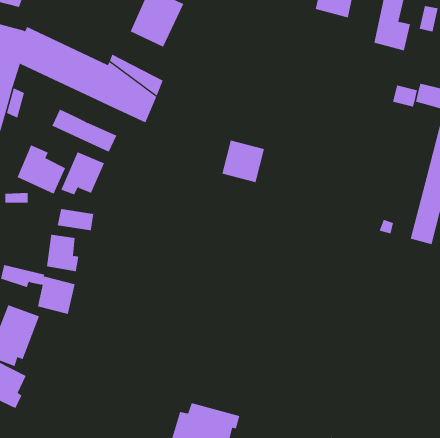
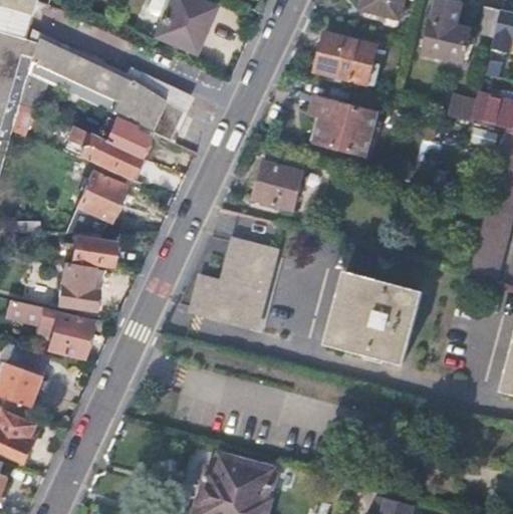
building: none -> [317,34,377,85]
building: none -> [313,99,377,157]
building: none -> [102,114,147,155]
building: [17,145,66,195] -> none
building: none -> [196,243,276,323]
building: none -> [325,271,421,363]

